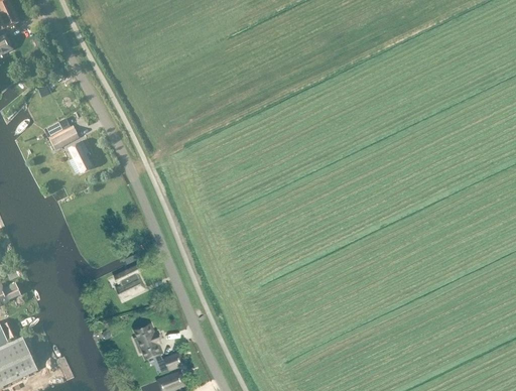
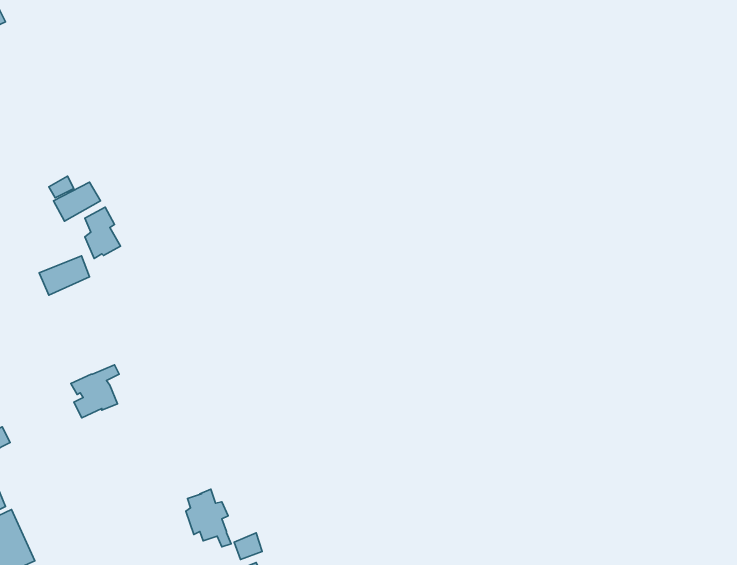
building: none -> [39,256,90,295]
building: [114,263,145,297] -> [71,365,119,418]

